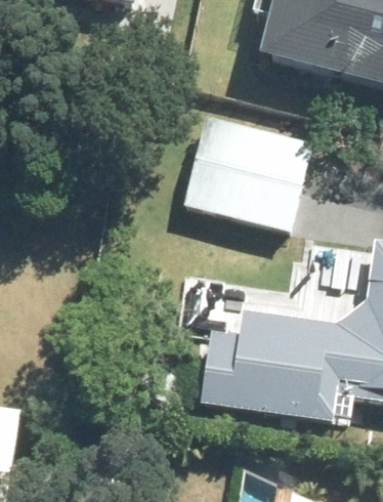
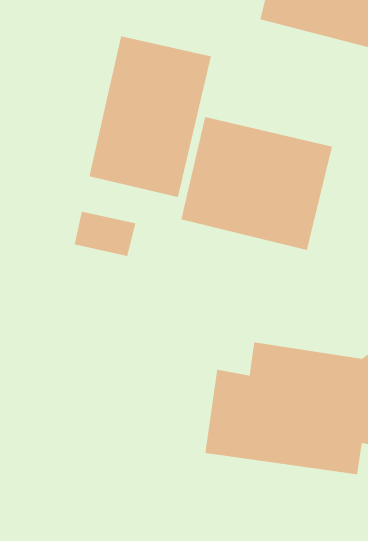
building: none -> [89,36,211,198]

